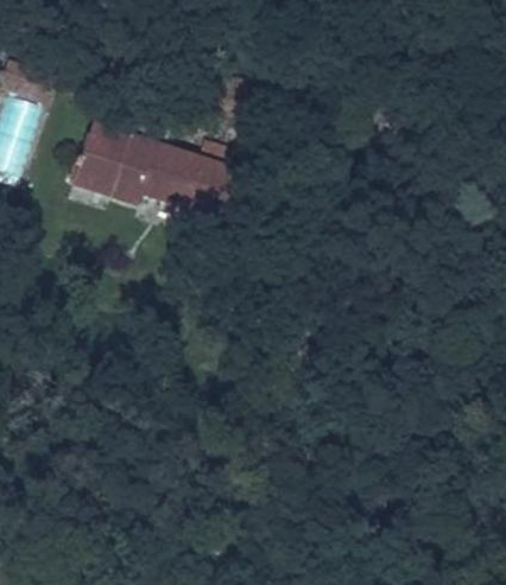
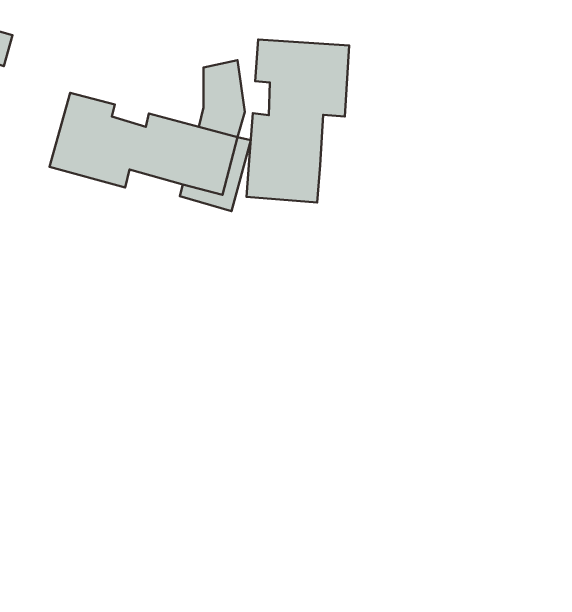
building: none -> [247,40,349,203]

